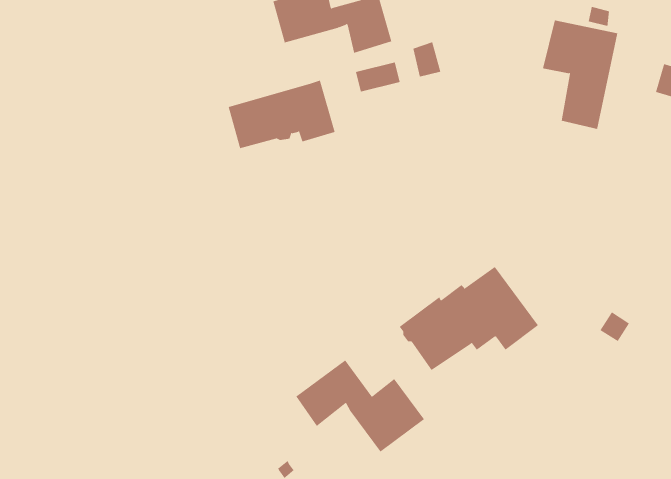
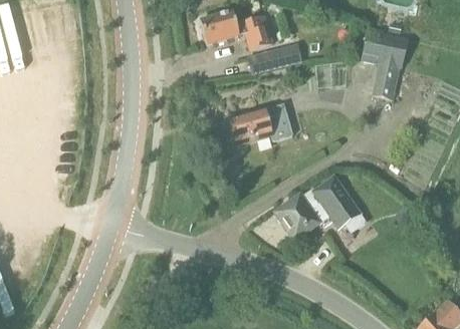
building: [228,80,336,149] -> [229,103,293,144]
building: [295,359,425,453] -> none

